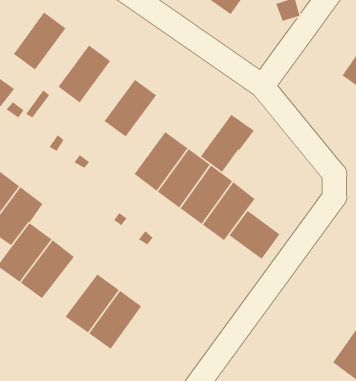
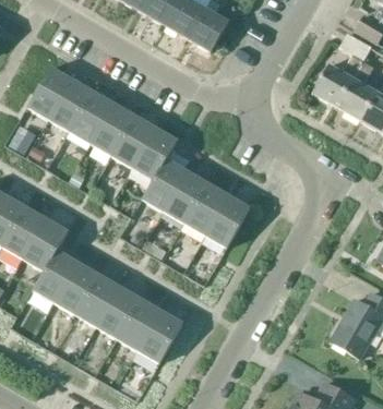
building: none -> [48,79,92,130]
building: none -> [89,103,134,155]
building: [200,114,255,173] -> [132,128,177,179]
building: [228,210,281,260] -> none
building: none -> [75,274,120,326]
building: none -> [139,310,182,362]

